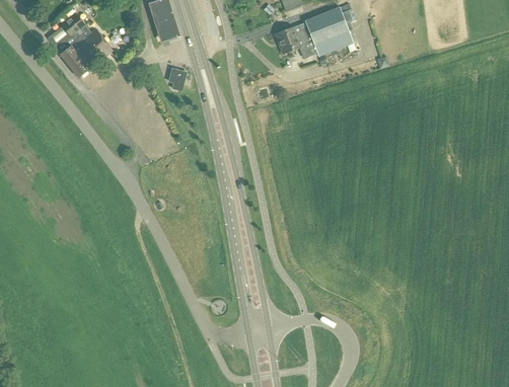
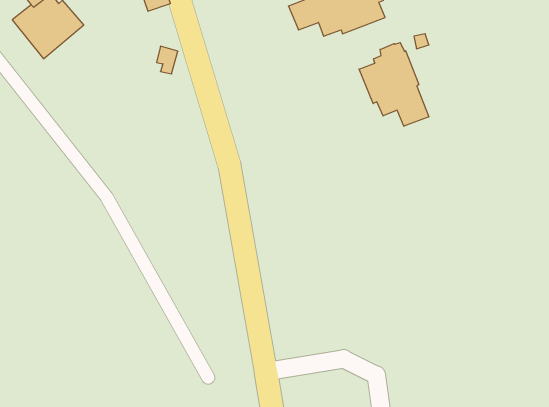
building: none -> [359,43,429,126]

